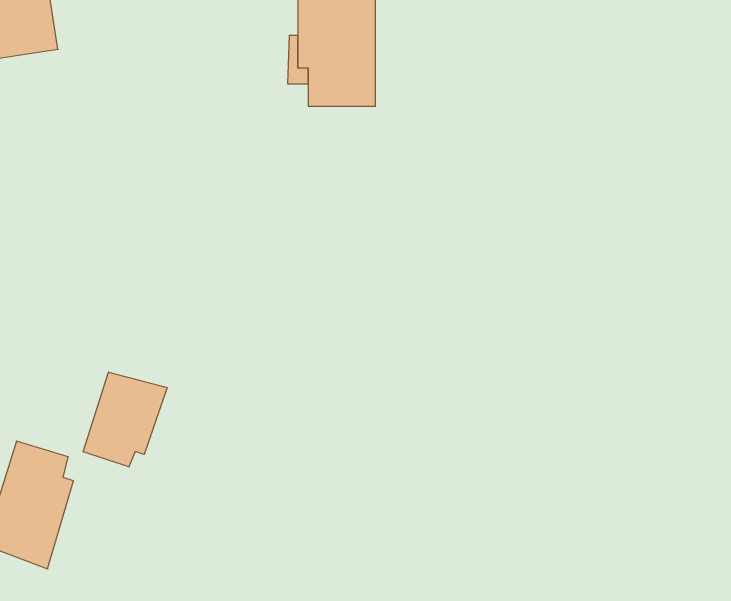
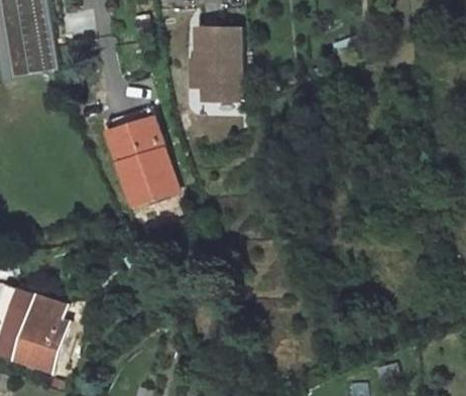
building: none -> [110,115,170,195]
building: [83,372,167,467] -> none

